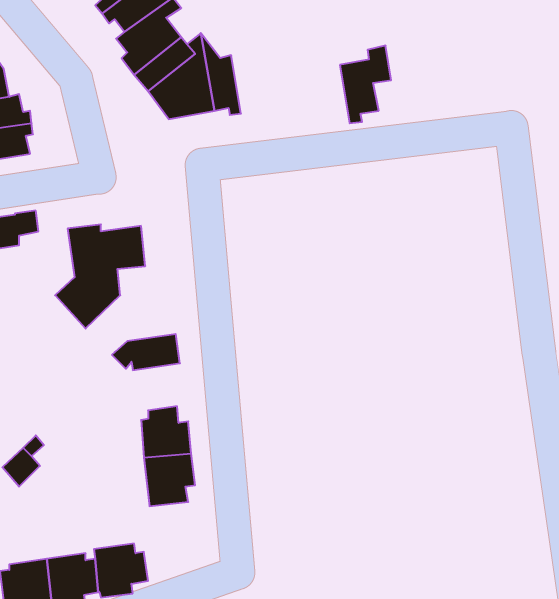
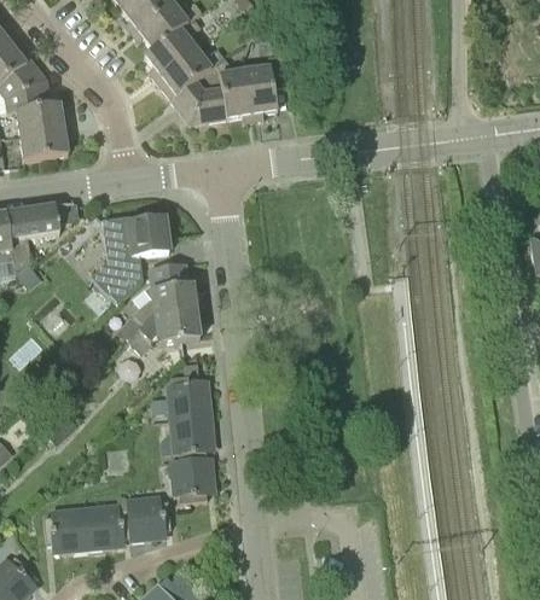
building: [340,46,391,123] -> [244,52,289,120]
building: none -> [118,264,196,339]
building: none -> [169,456,214,503]

